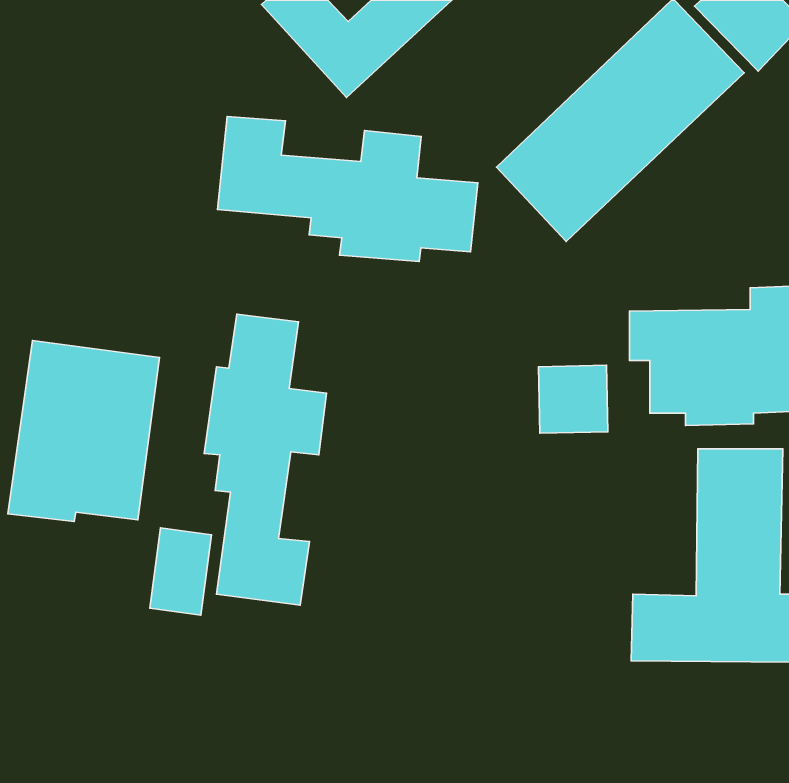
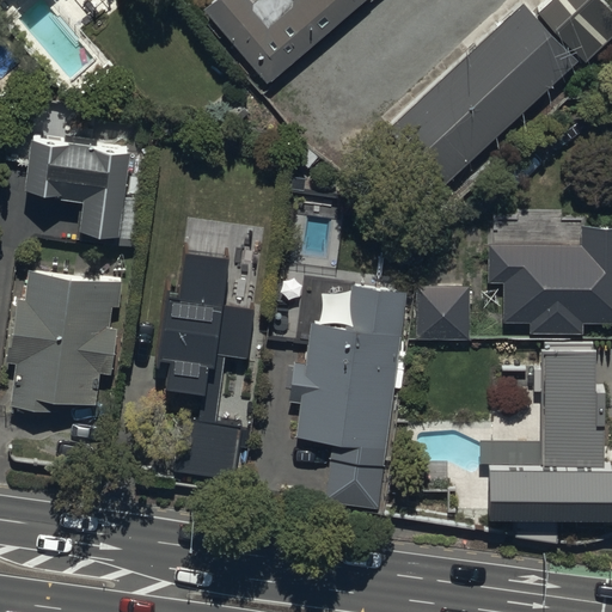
building: [218,116,478,261] -> none
building: none -> [23,135,129,235]
building: none -> [295,287,408,509]
building: [150,528,211,615] -> none

